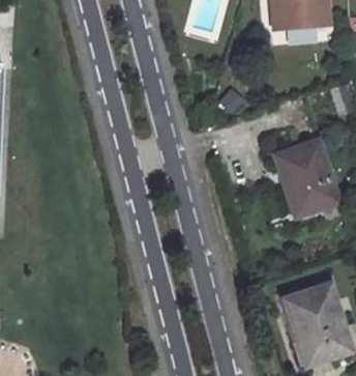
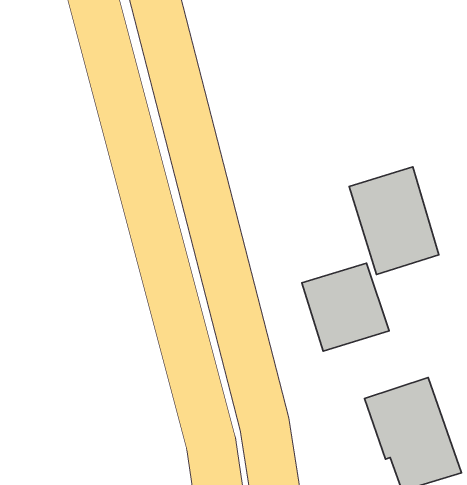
building: none -> [302,263,389,351]

